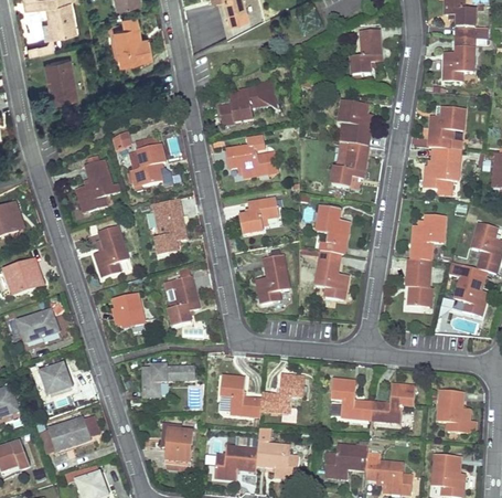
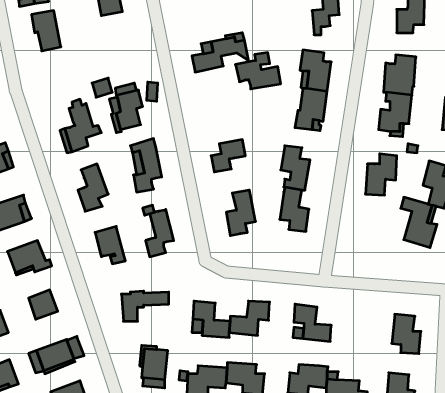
building: [227,136,277,176] -> [235,53,281,89]
building: [408,257,431,306] -> none
building: [371,383,415,421] -> none

